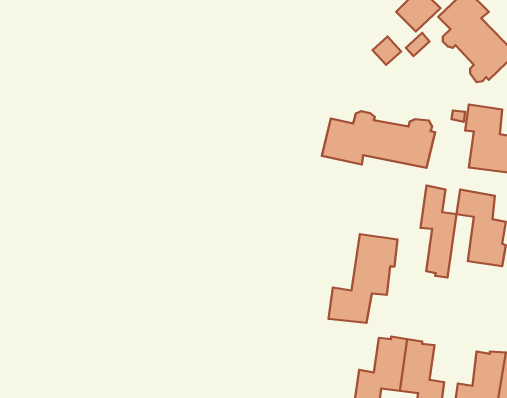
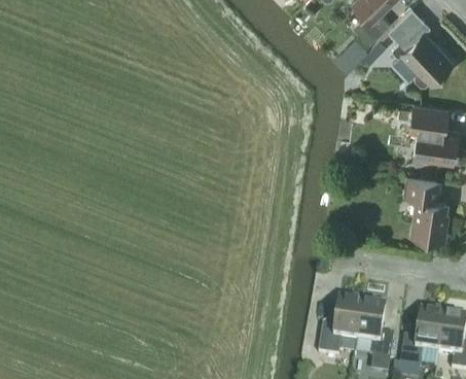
building: [322,111,435,168] -> none
building: [421,186,457,278] -> none
building: [328,234,398,323] -> none

